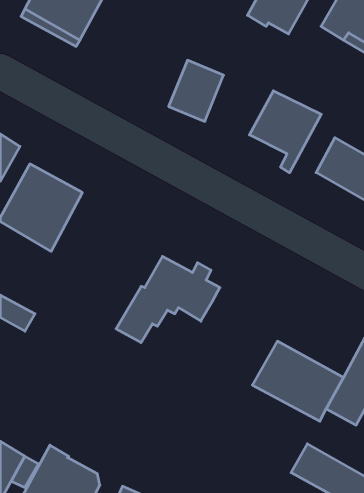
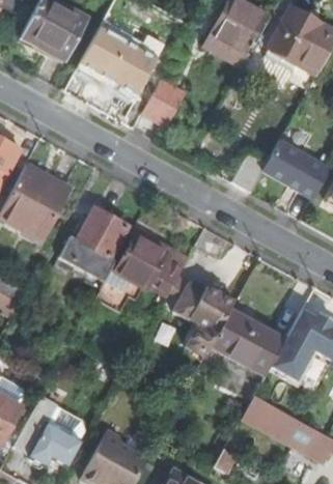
building: none -> [91,33,156,94]
building: [249,91,321,173] -> none
building: none -> [62,207,129,279]
building: none -> [173,283,237,358]

